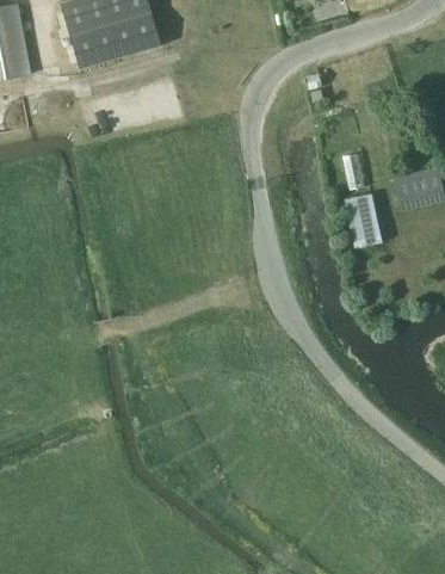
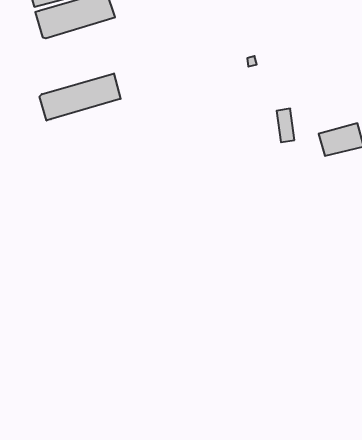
building: none -> [40,73,121,121]
building: [342,192,379,241] -> none

